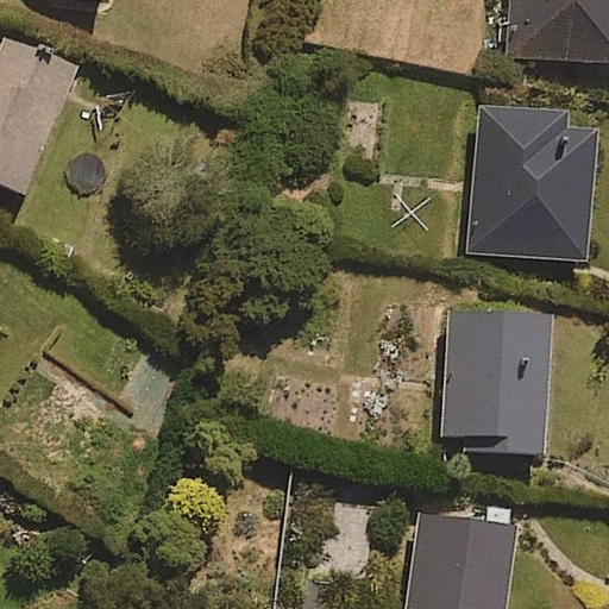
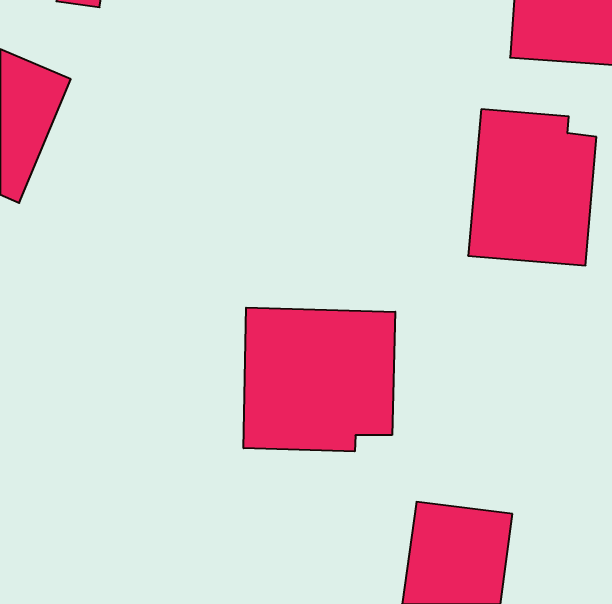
building: none -> [244,308,395,451]
building: [447,309,551,450] -> none

